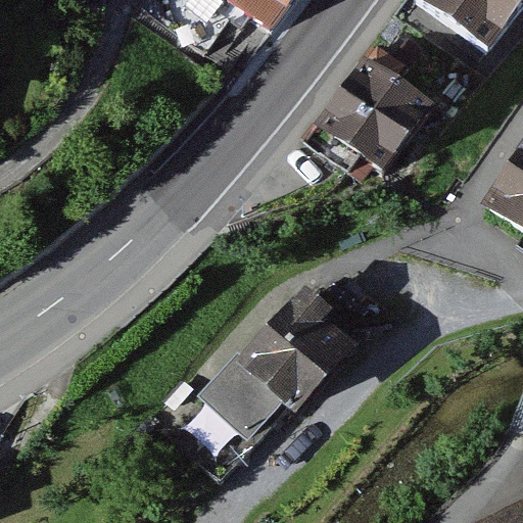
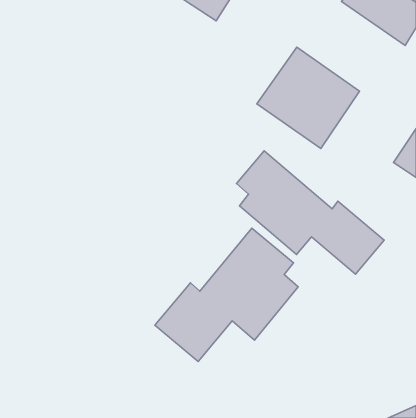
building: none -> [237,151,384,274]

